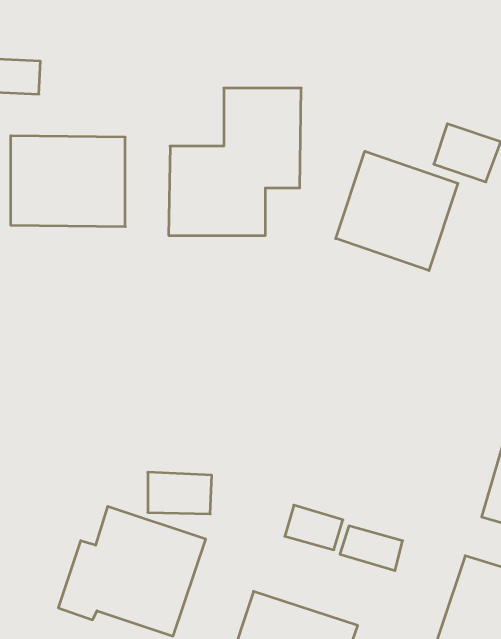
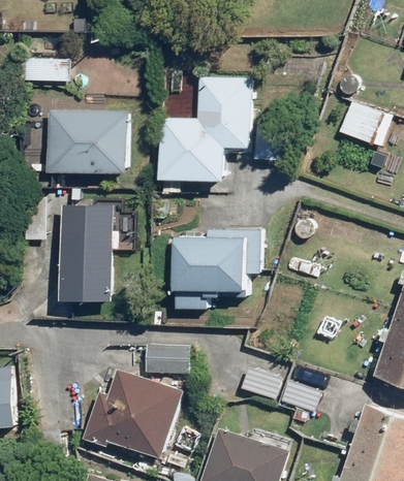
building: [336,151,458,271] -> none
building: none -> [61,204,114,300]
building: none -> [175,229,257,309]

